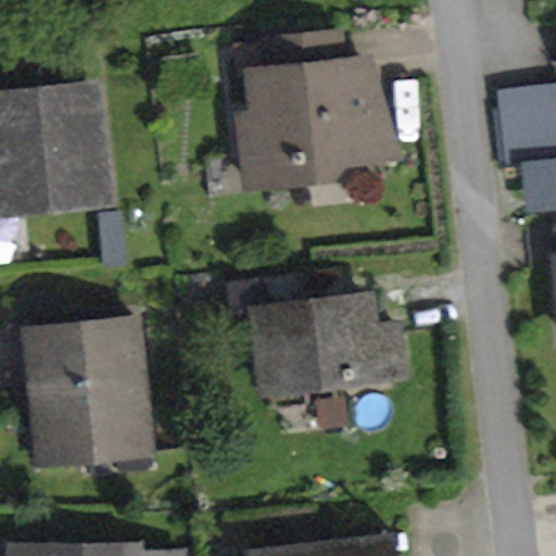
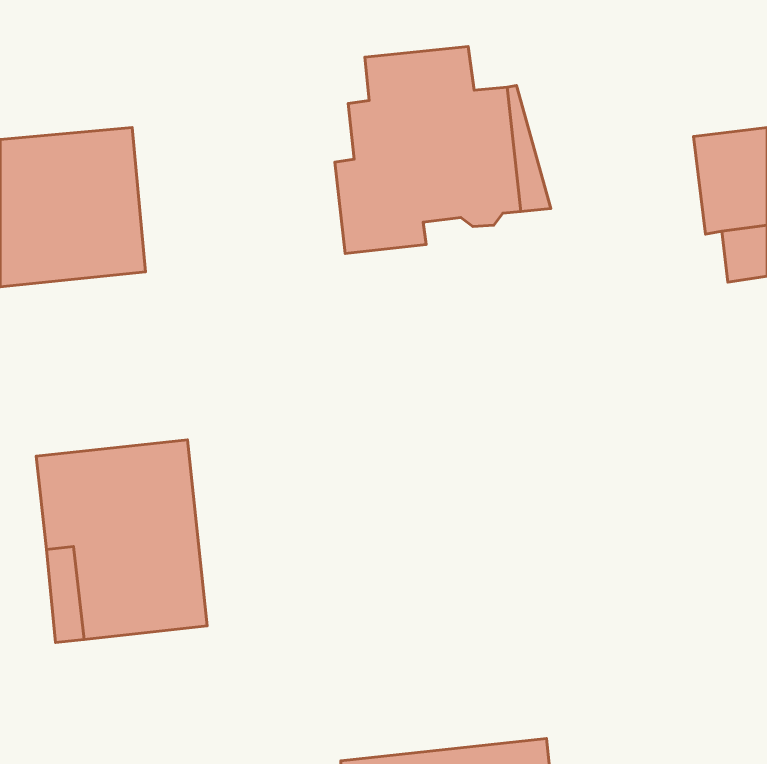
building: [256,276,403,392] -> none

